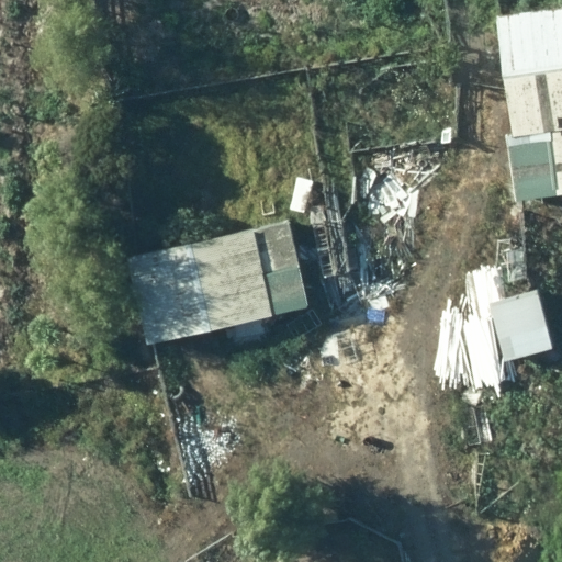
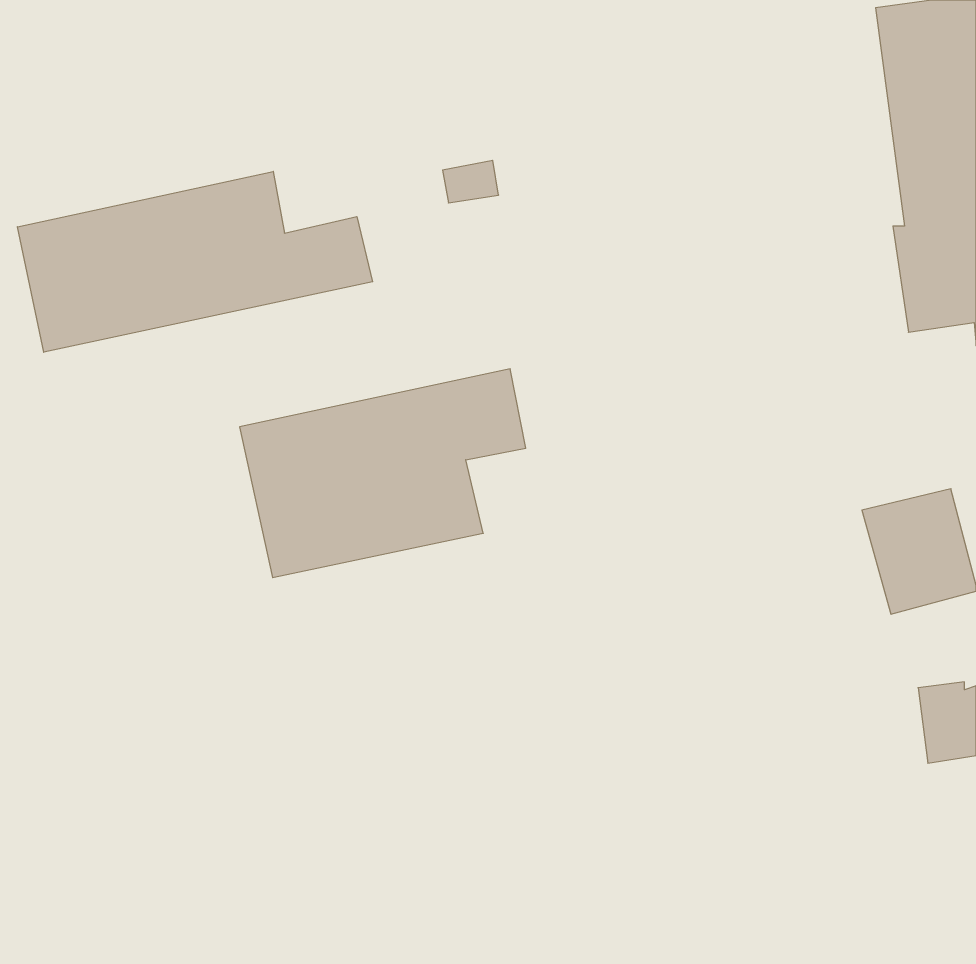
building: none -> [17,171,373,352]

